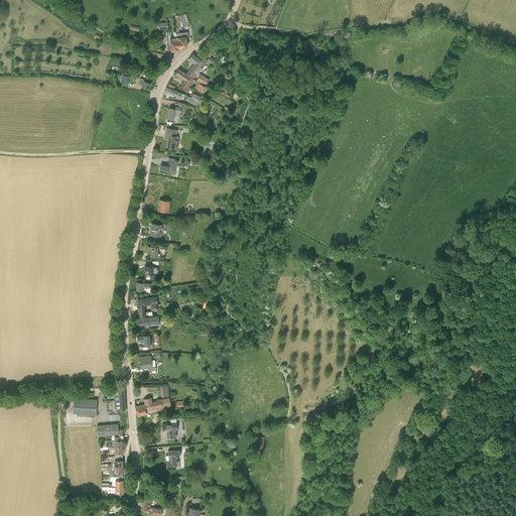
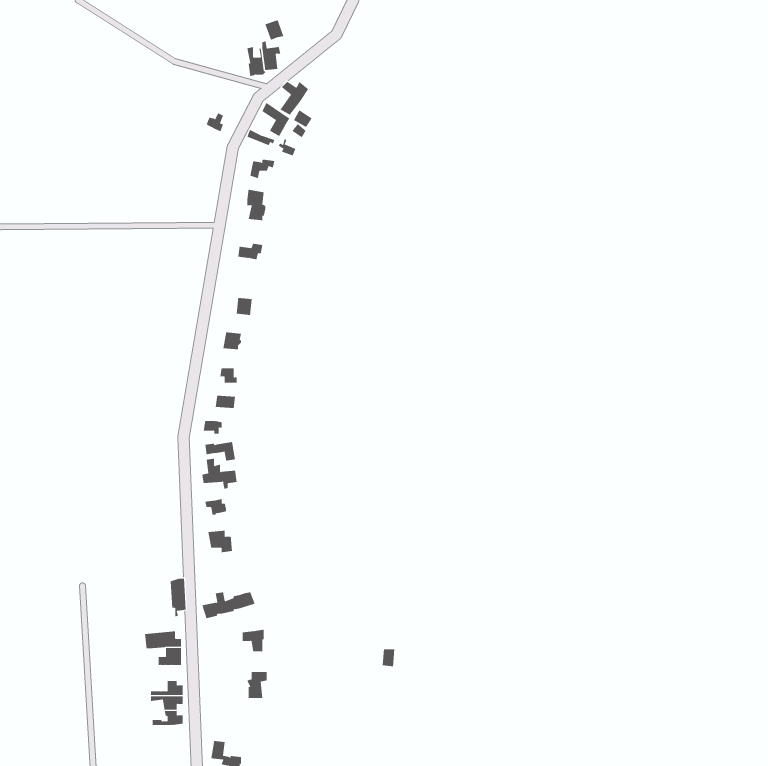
building: [74,399,97,416] -> none

